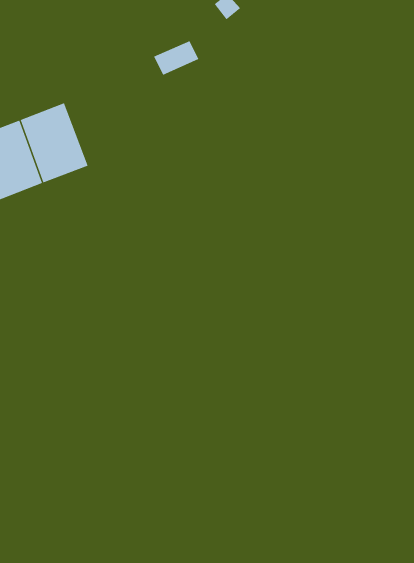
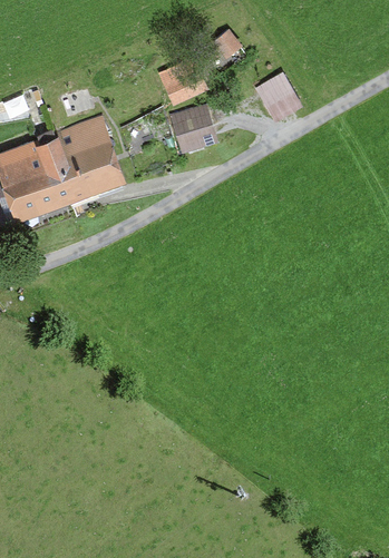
building: none -> [255,70,303,119]
building: none -> [174,111,213,150]

